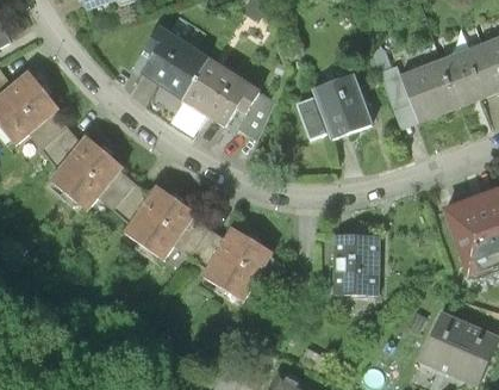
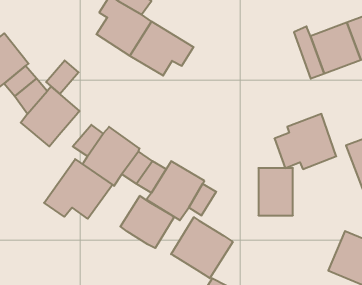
building: [298,73,373,140] -> [274,114,336,169]
building: [235,88,274,138] -> none
building: [95,168,135,209] -> [46,60,79,94]
building: none -> [44,159,113,219]
building: none -> [120,196,174,248]
building: none -> [171,217,233,278]

